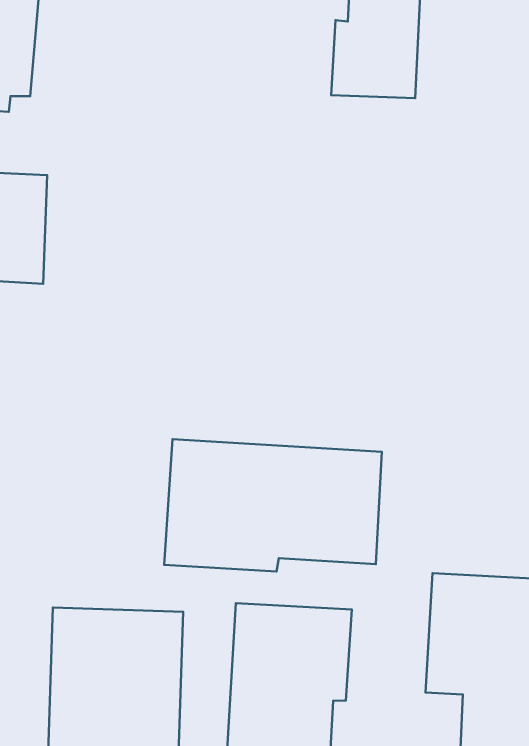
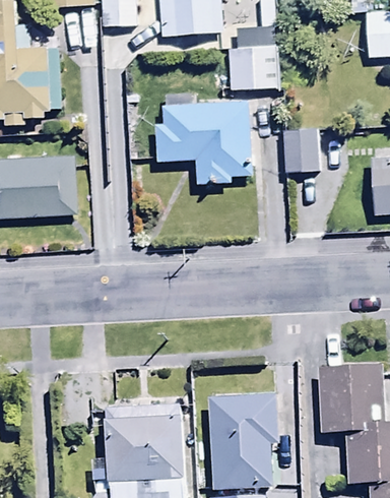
building: none -> [155,89,254,187]
building: none -> [282,123,321,174]
building: [164,439,382,572] -> none

